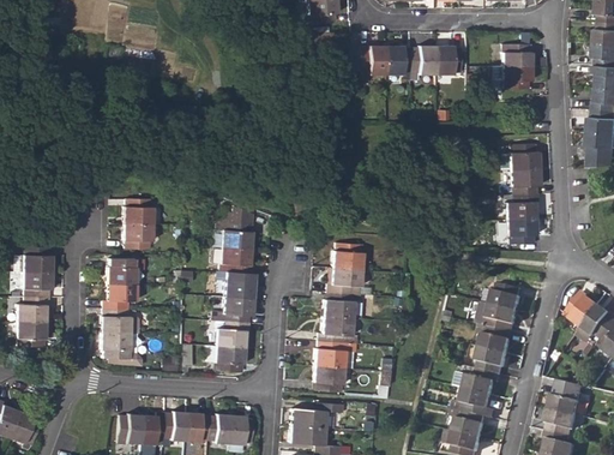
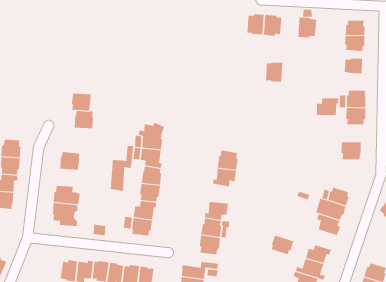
building: [411,44,435,73] -> [265,62,283,82]
building: none -> [344,58,362,74]
building: [506,192,538,218] -> [316,98,339,116]
building: [124,223,152,247] -> [71,93,92,111]
building: none -> [110,145,134,192]
building: [104,283,136,307] -> none
building: [324,291,354,317] -> none
building: [478,346,511,373] -> [271,235,294,255]

